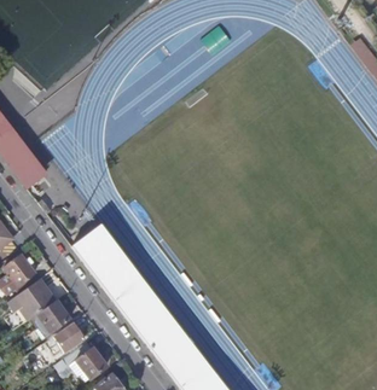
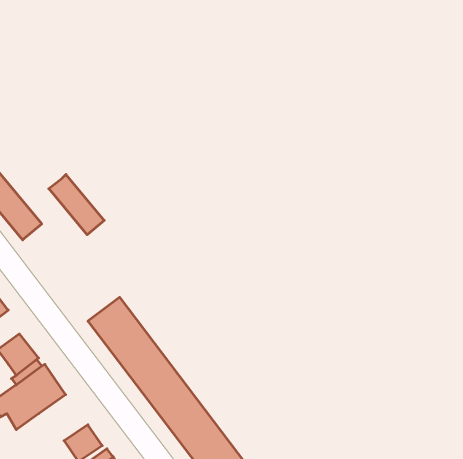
building: none -> [49,174,104,235]
building: [34,299,70,334] -> none

